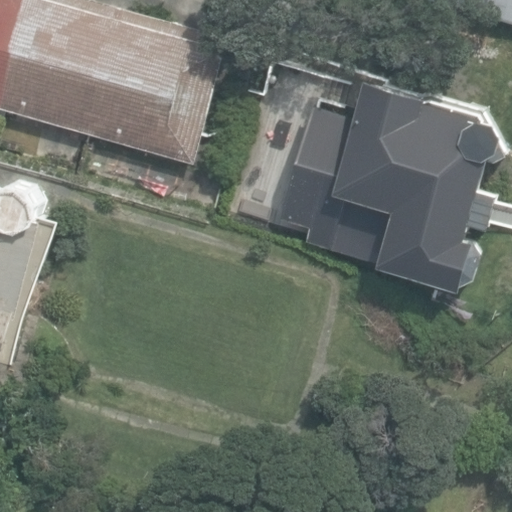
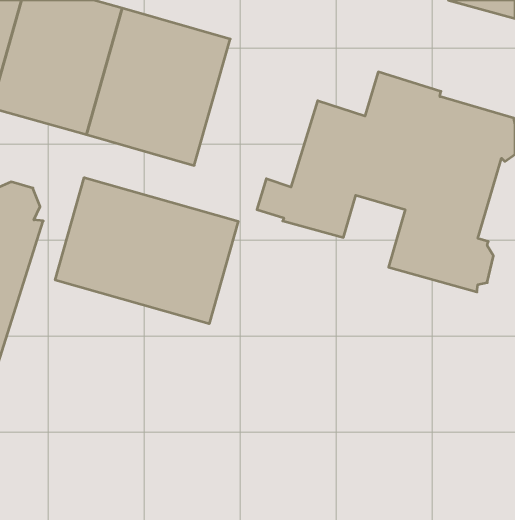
building: none -> [55,178,238,324]

